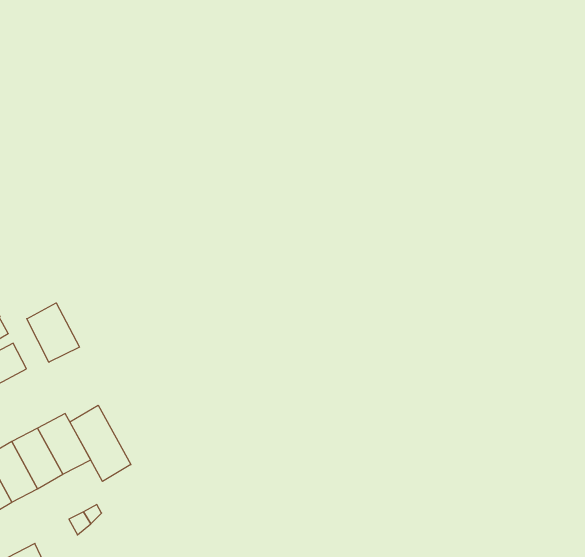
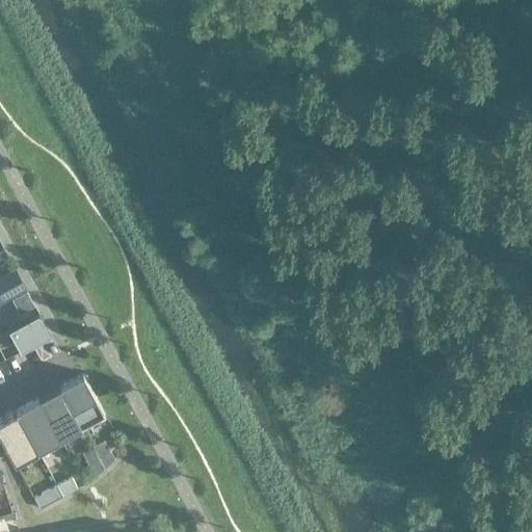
building: [27,303,79,362] -> none
building: [70,405,131,481] -> none

